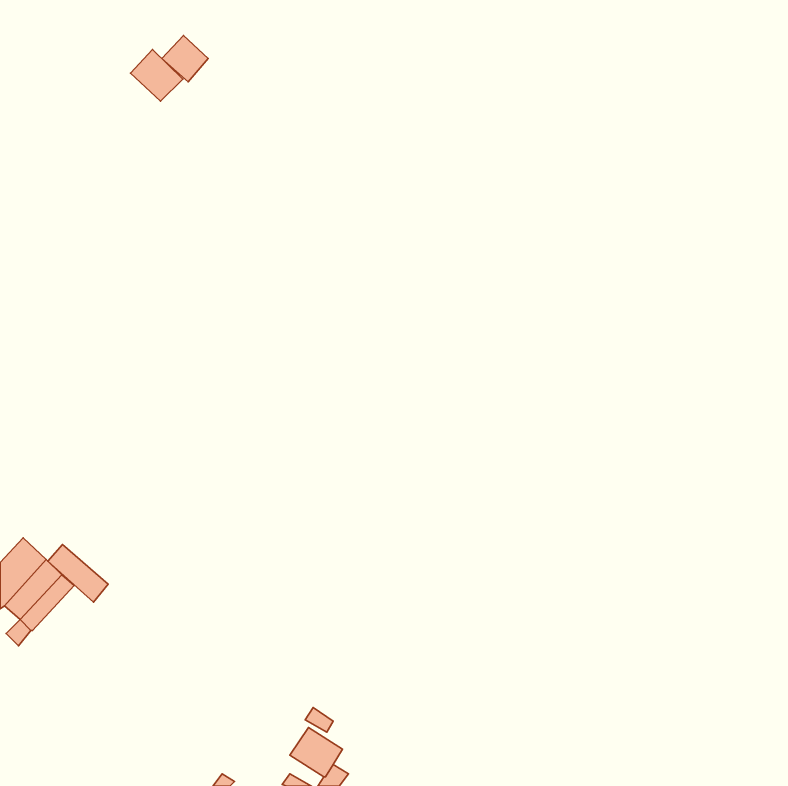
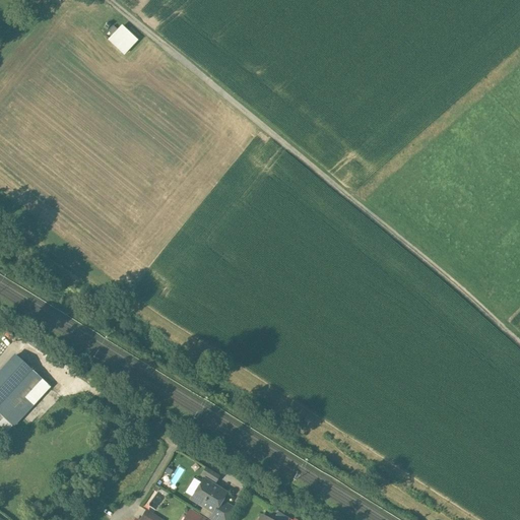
building: [130,49,183,101] -> none
building: [48,545,108,602] -> none

